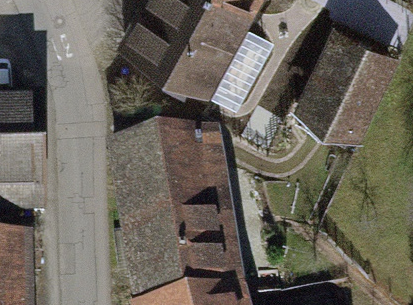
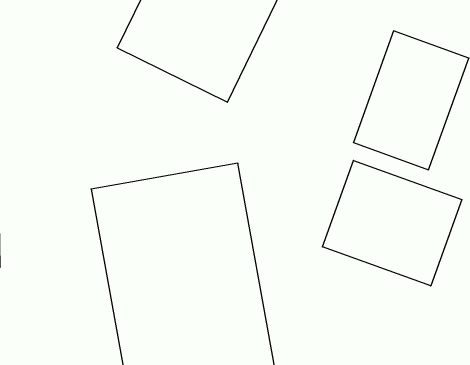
building: none -> [322,160,462,286]

